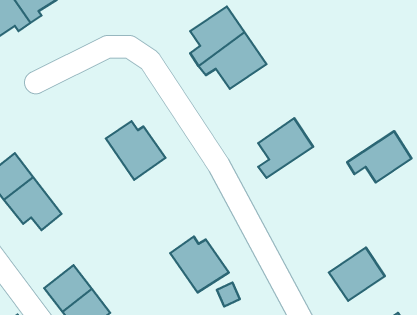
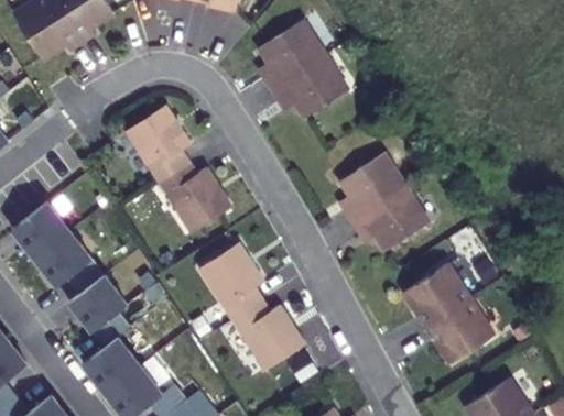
building: none -> [122,103,188,180]
building: [347,131,412,182] -> [350,190,427,252]
building: none -> [199,241,263,318]
building: none -> [70,271,128,328]
building: none -> [401,276,469,341]

